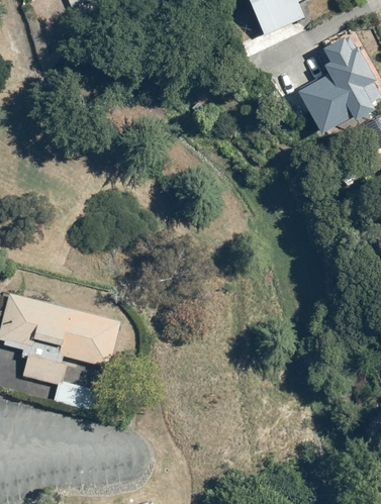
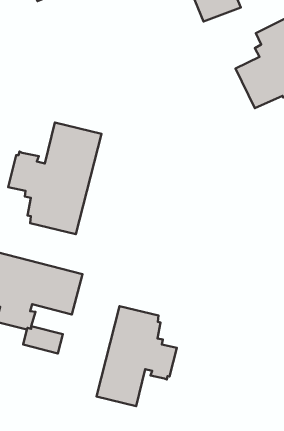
building: none -> [8,122,102,234]
building: none -> [97,306,177,406]

